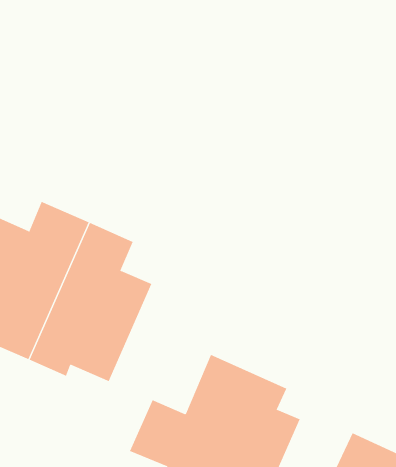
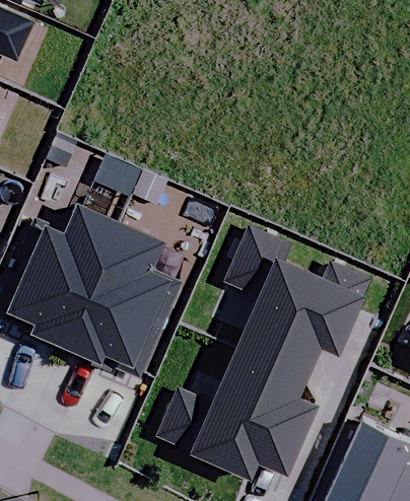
building: none -> [228,227,372,378]

